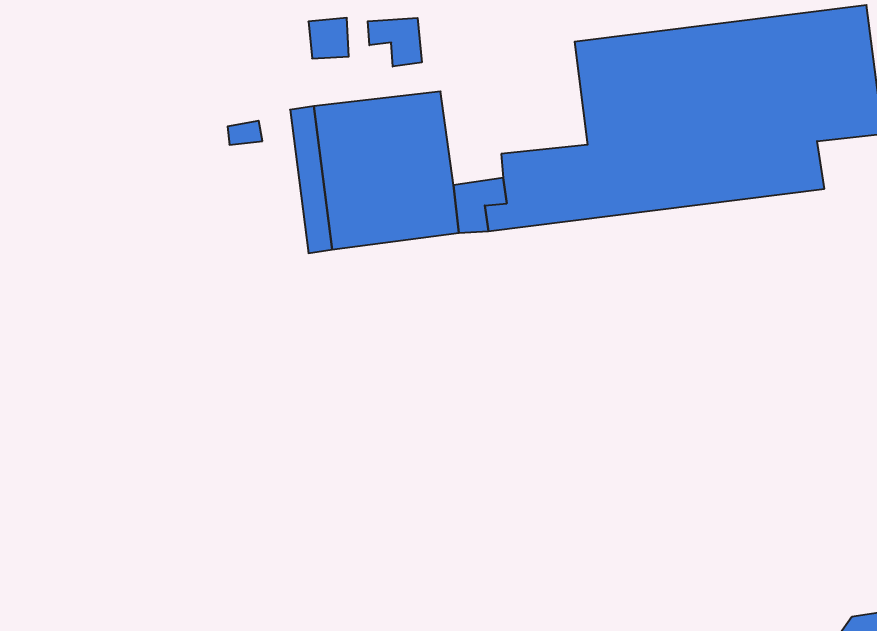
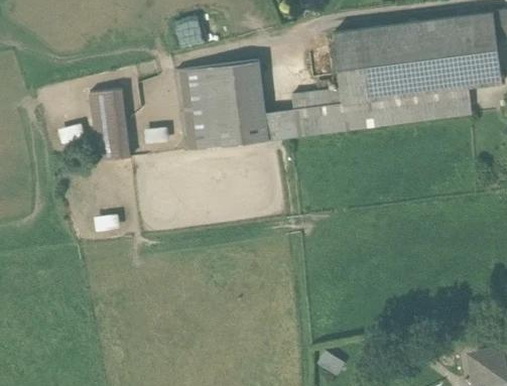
building: [368,18,422,67] -> none
building: none -> [90,88,130,160]

